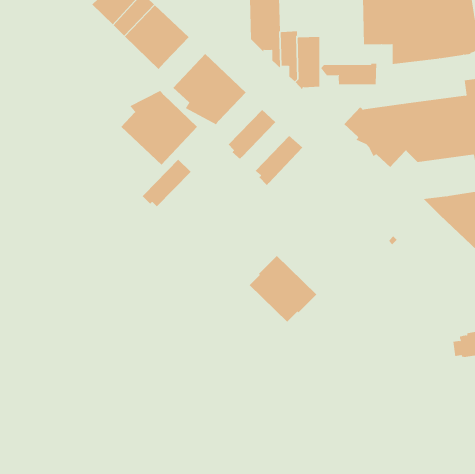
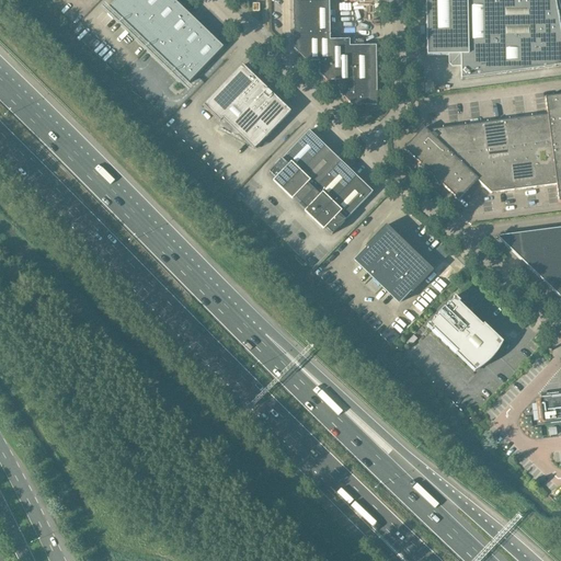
building: [321,63,377,85] -> none
building: [121,90,198,165] -> none
building: none -> [316,173,375,231]
building: [142,159,191,207] -> [284,144,342,201]
building: none -> [430,295,504,368]
building: [249,255,317,322] -> [355,222,435,301]

